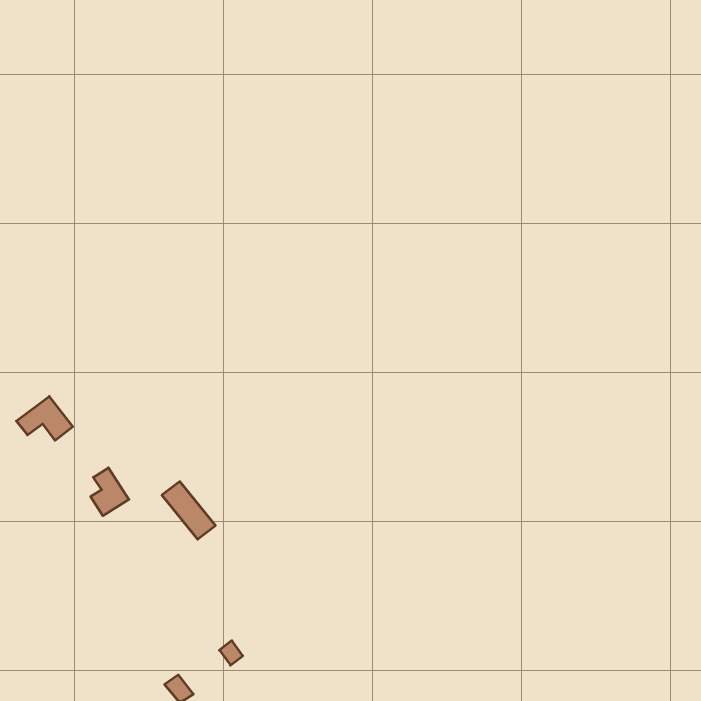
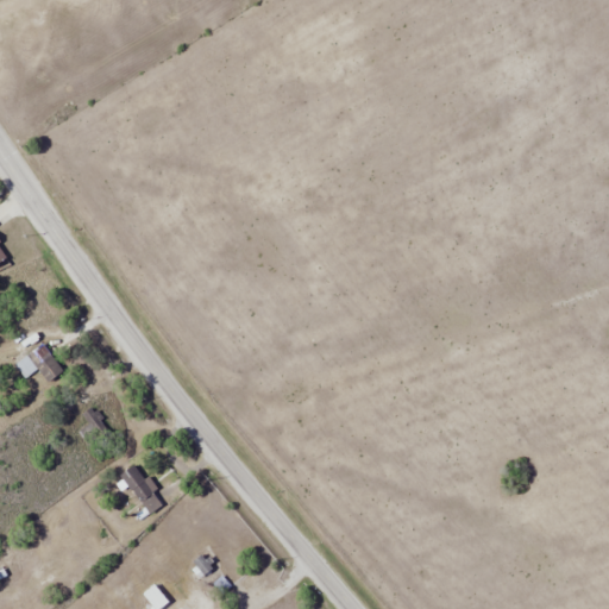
building: [162,482,215,539] -> [119,464,165,514]

